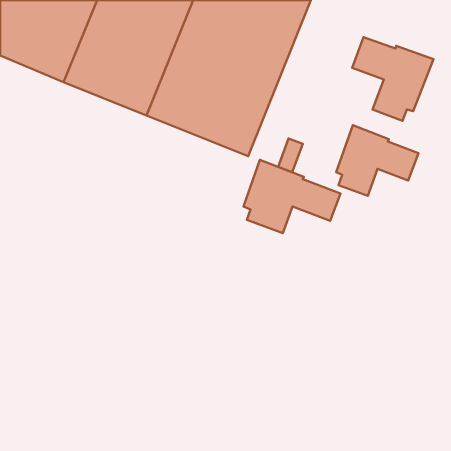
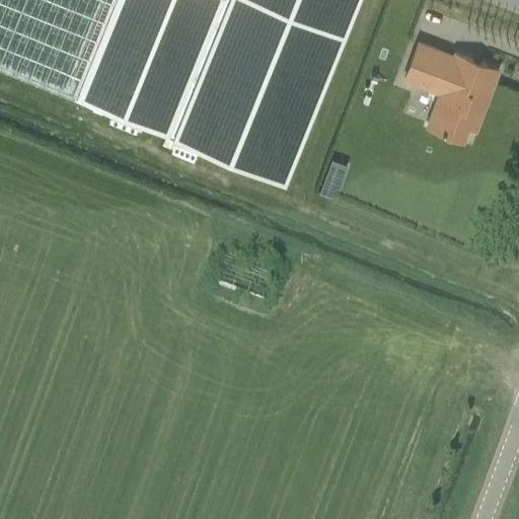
building: [336,125,419,196] -> none
building: [244,160,341,233] -> none

